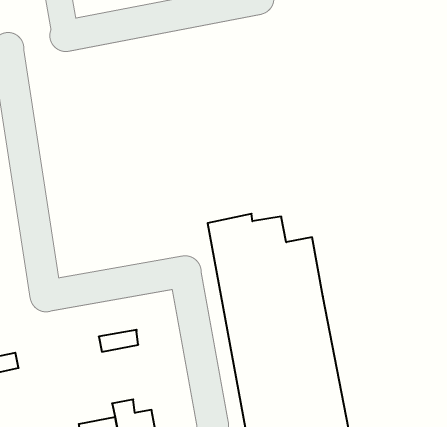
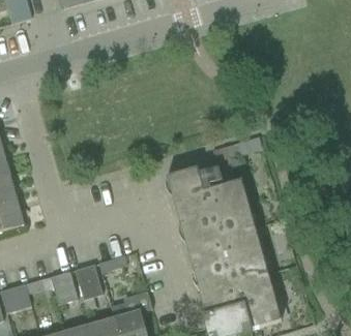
building: none -> [74,263,101,300]
building: none -> [49,269,77,304]

